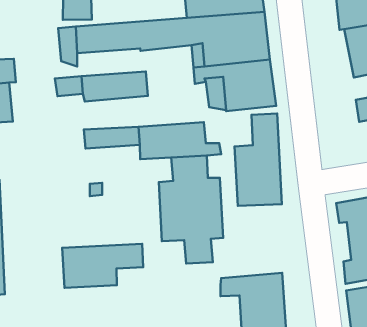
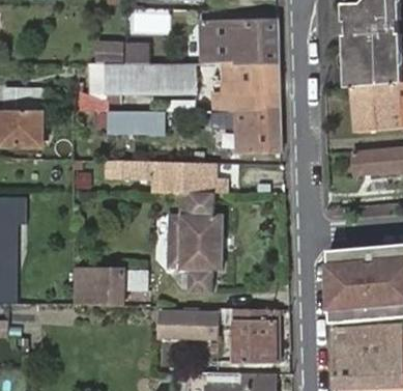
building: [235,113,282,206] -> none
building: none -> [159,308,215,337]

